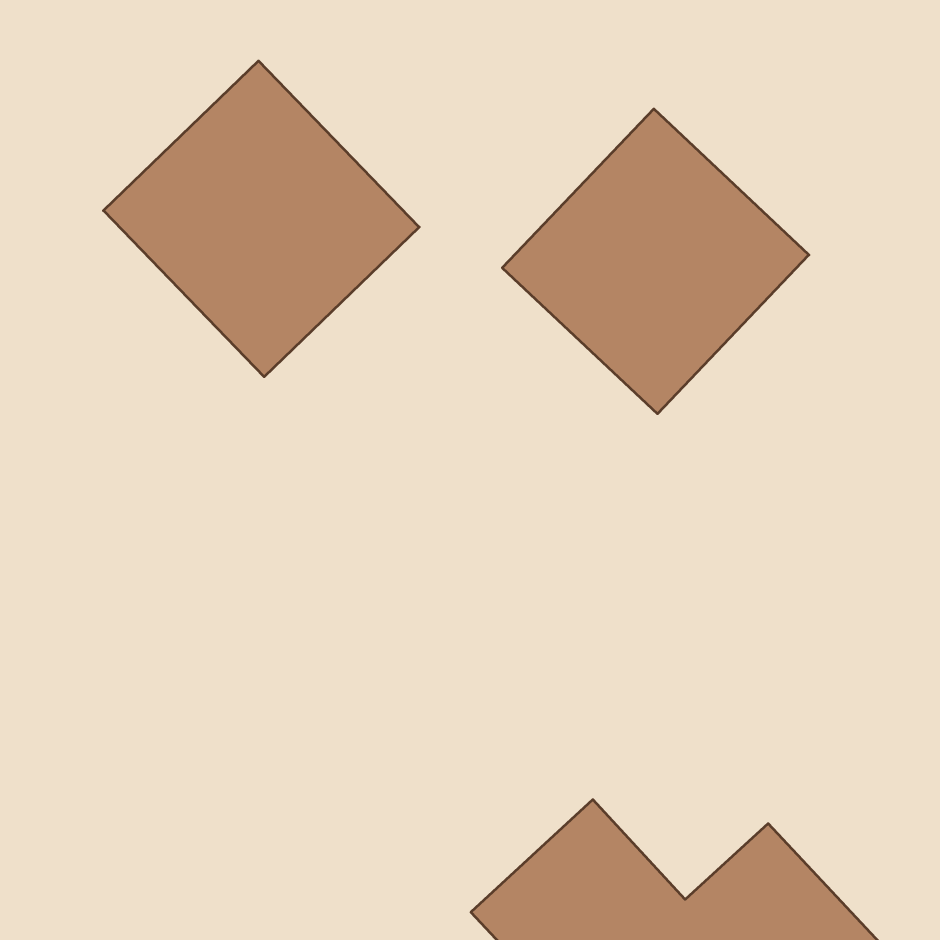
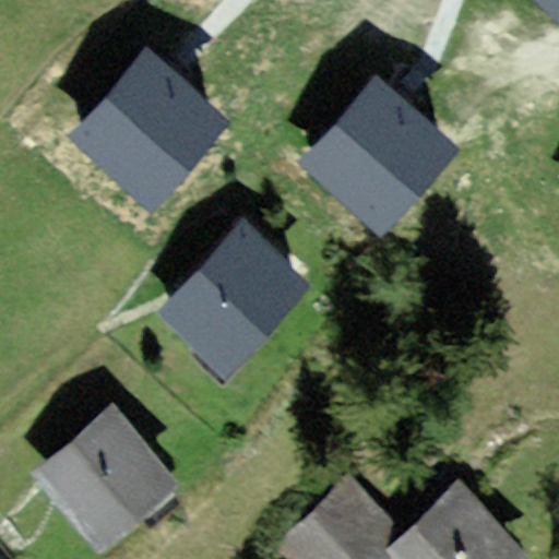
building: none -> [156,225,306,374]
building: none -> [32,413,169,549]

